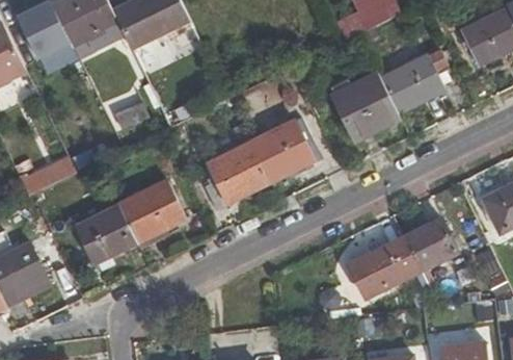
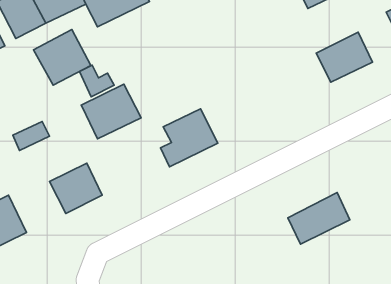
building: none -> [34,30,91,85]
building: [331,73,400,140] -> none
building: [248,118,320,182] -> none
building: [117,179,186,241] -> [81,84,141,139]
building: [404,220,456,269] -> none

